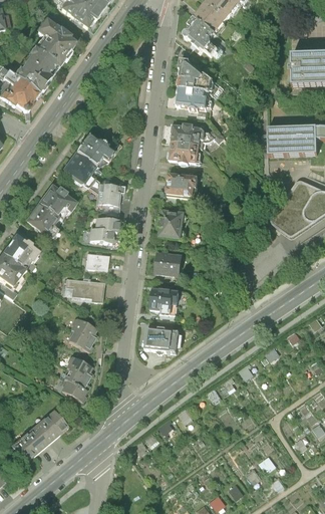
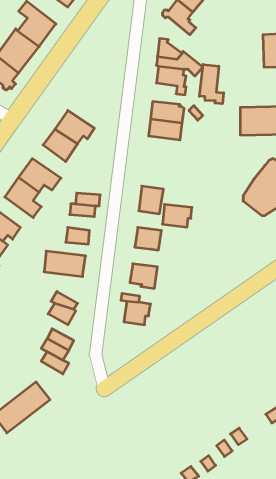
building: none -> [199,64,224,104]
building: [170,173,200,196] -> [162,204,192,227]
building: [97,182,125,206] -> none

